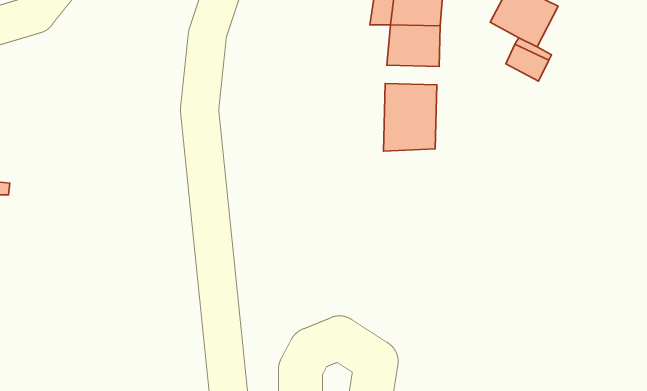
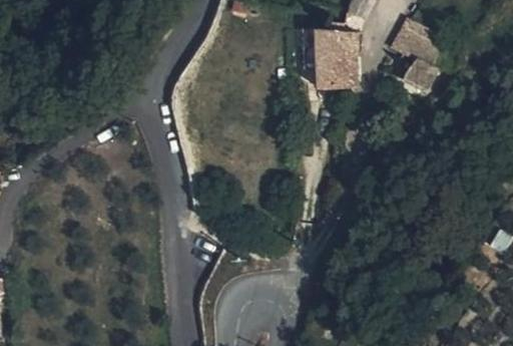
building: [383,84,437,151] -> none

